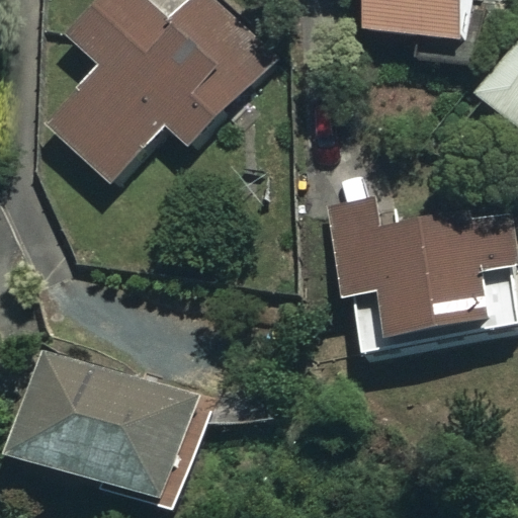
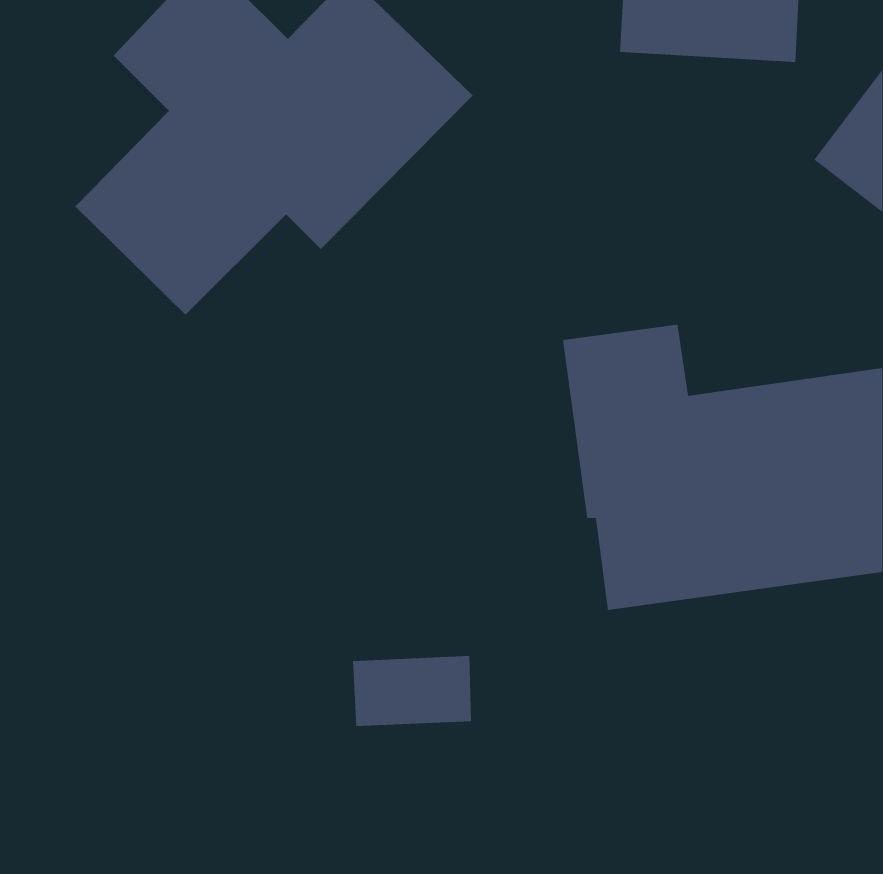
building: [13,353,196,501] -> none

